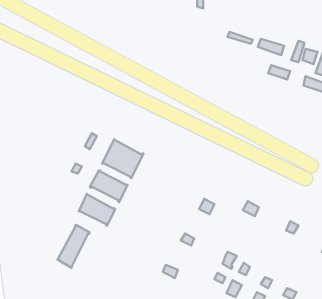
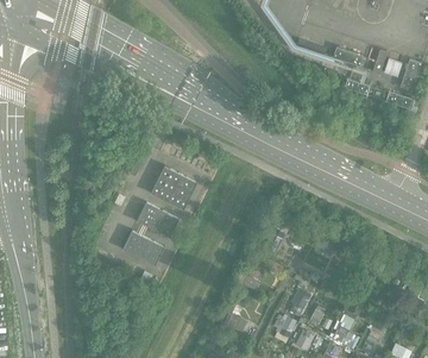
building: [57,225,89,268] -> none

